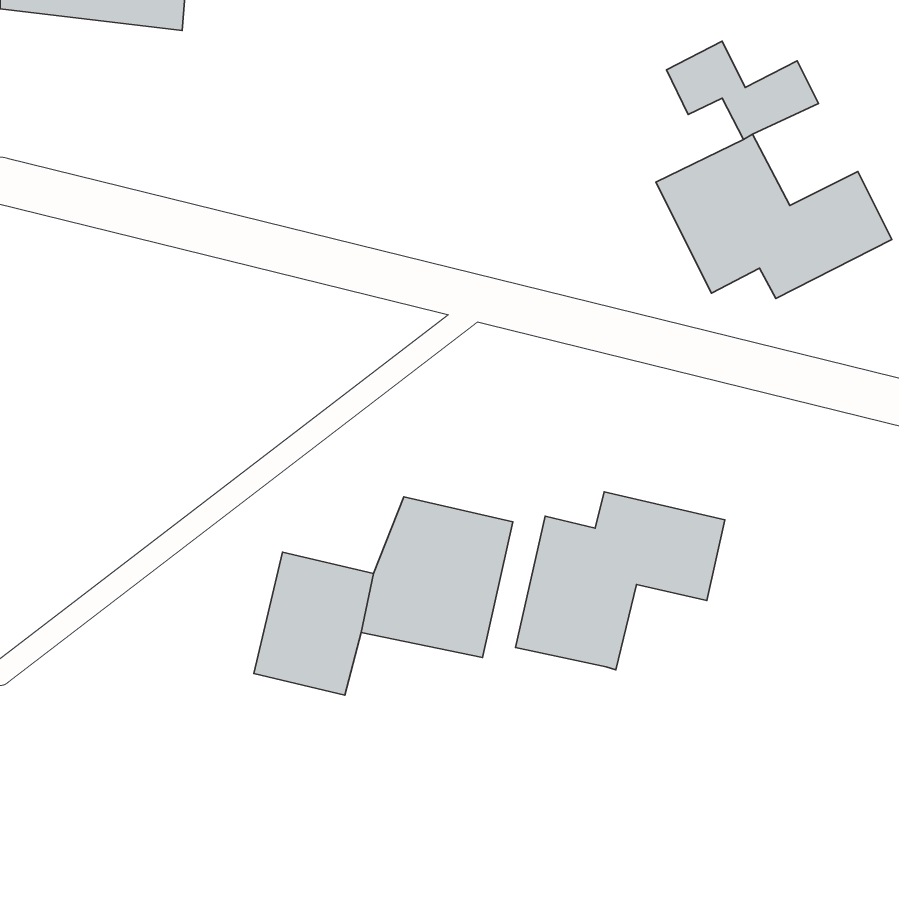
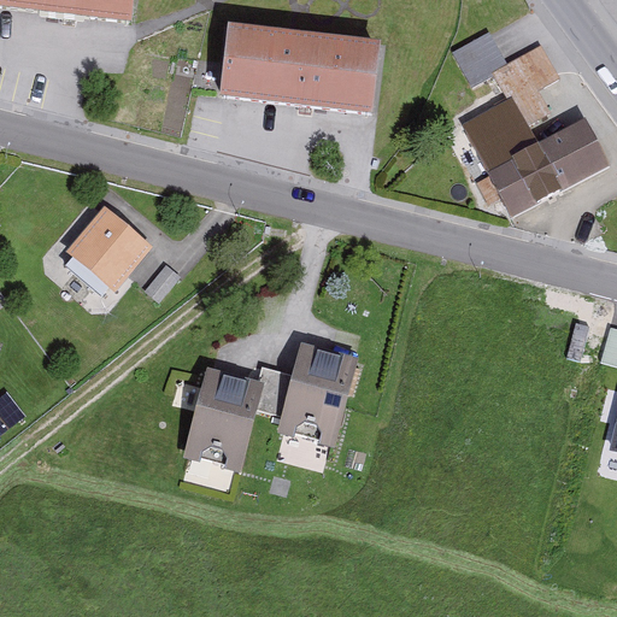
building: none -> [204,25,384,112]
building: none -> [67,205,155,292]
building: [516,492,725,670] -> none

